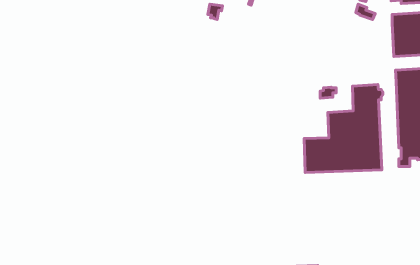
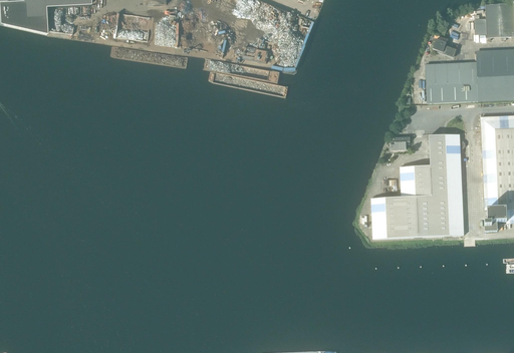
building: none -> [425,61,478,102]

